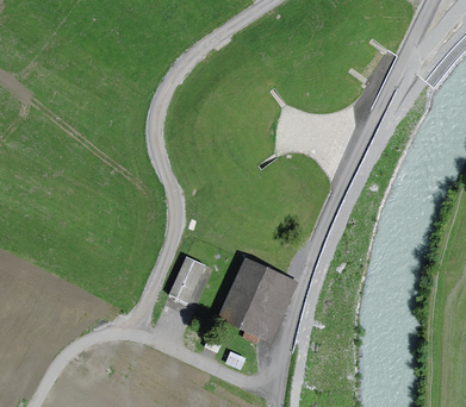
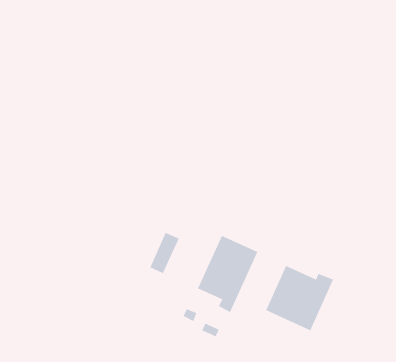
building: none -> [265,265,334,331]

